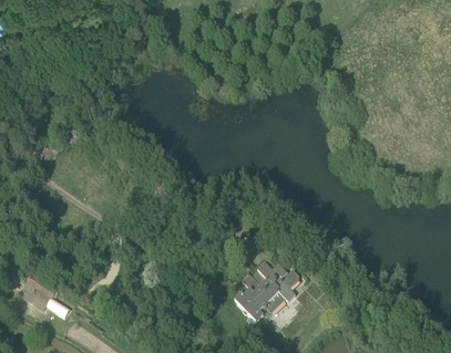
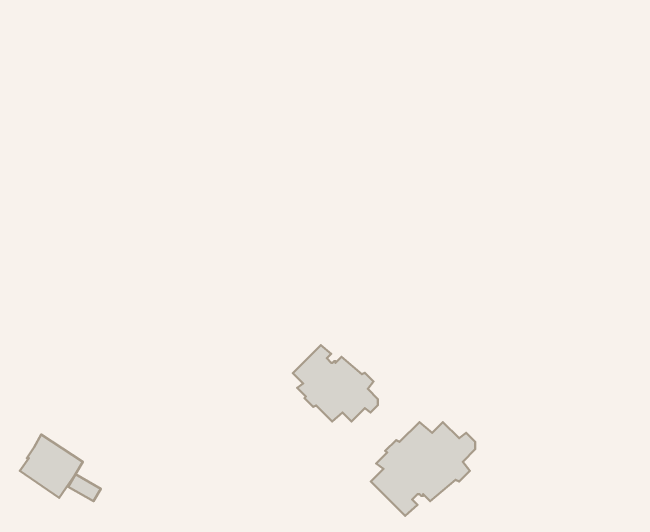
building: none -> [293,345,378,421]

